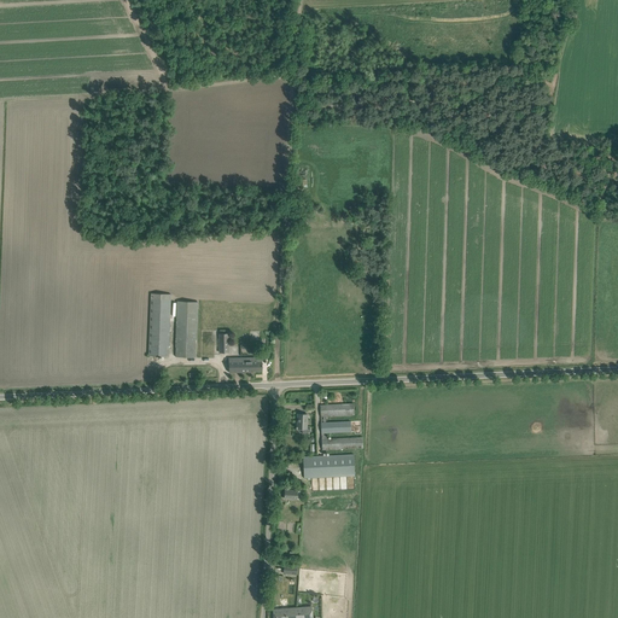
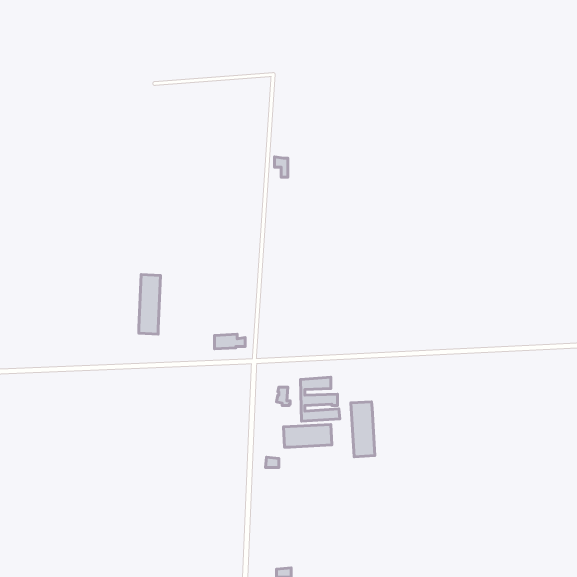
building: [176,301,198,357] -> none
building: none -> [351,402,375,457]

